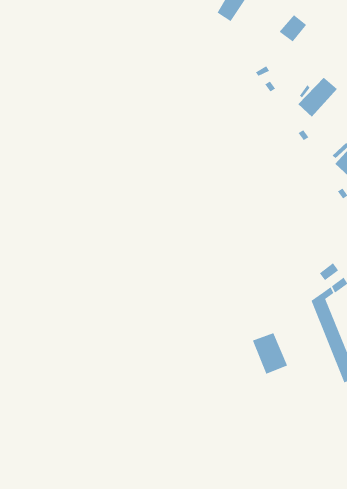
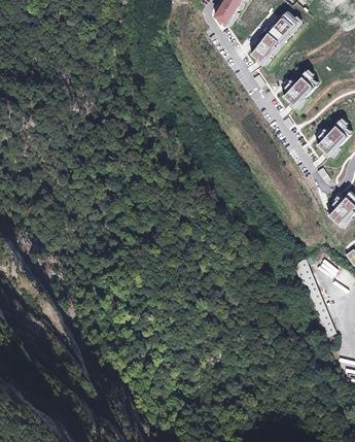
building: none -> [252,31,280,62]
building: [252,332,288,375] -> none

